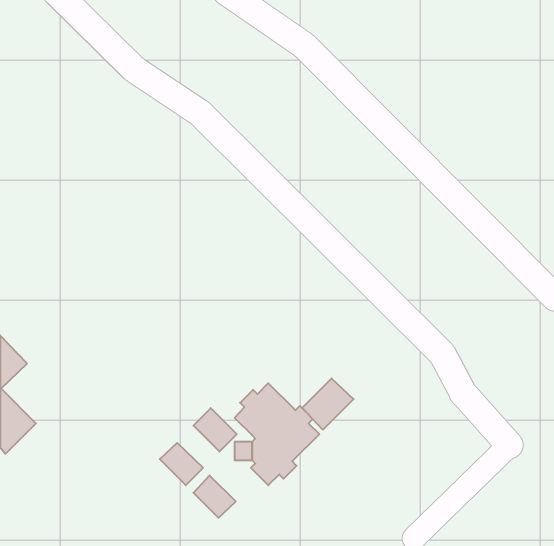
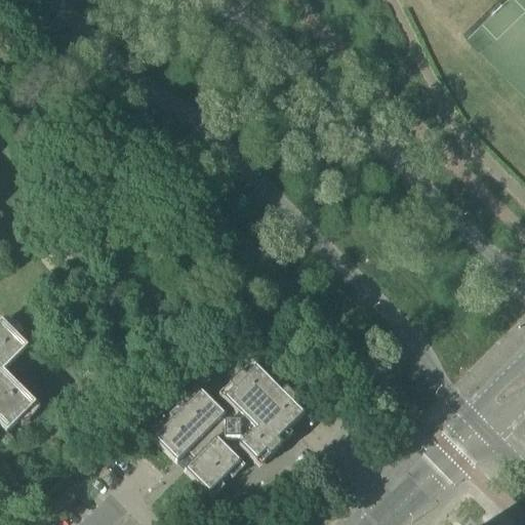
building: [302,378,354,430] -> none
building: none -> [168,402,208,442]
building: none -> [199,433,240,474]

